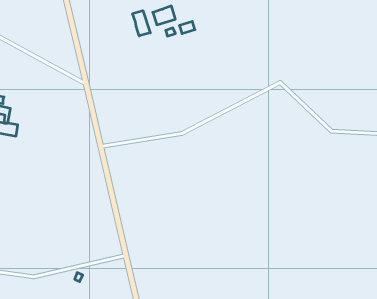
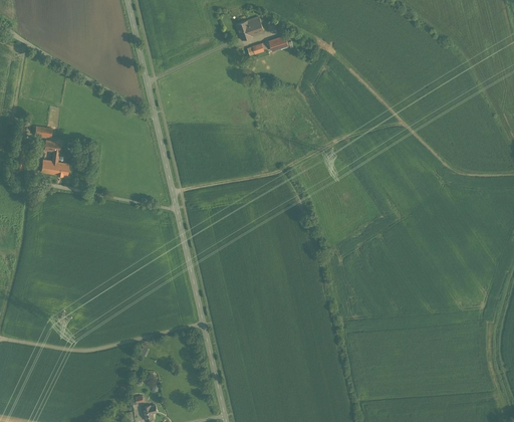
building: [133,11,150,36] -> none

